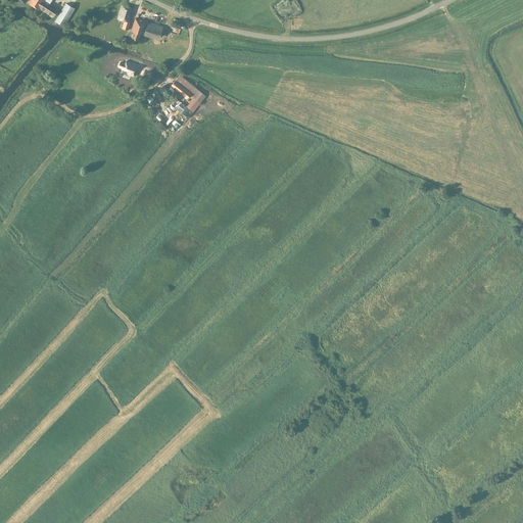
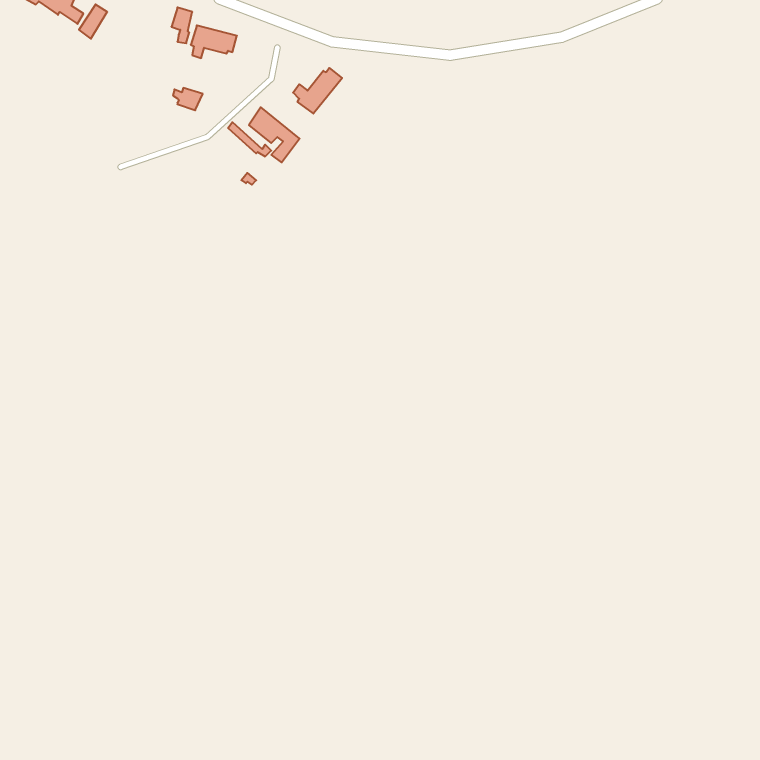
building: none -> [293,68,342,114]

